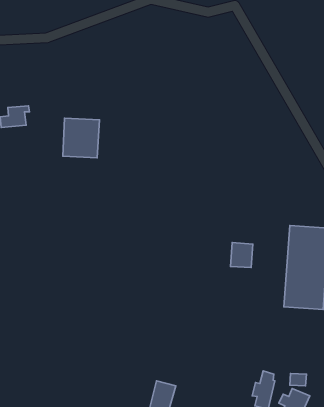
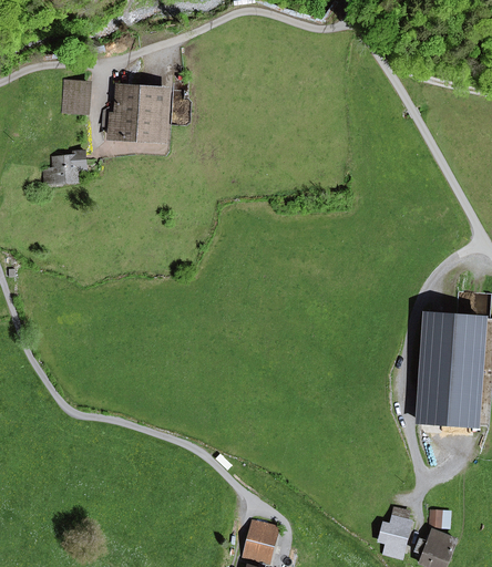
building: none -> [62,81,88,112]
building: [63,118,100,158] -> [115,86,164,140]
building: [230,243,253,267] -> none

